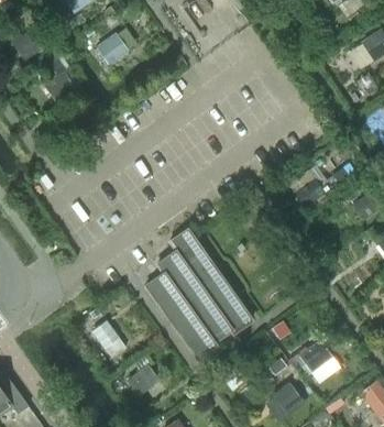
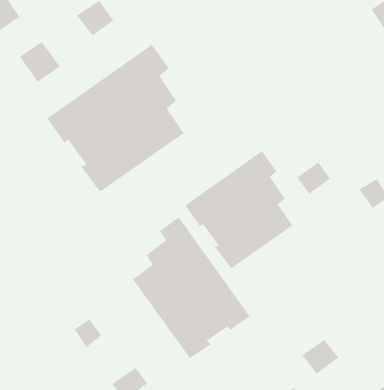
building: none -> [46,43,184,192]
building: none -> [184,150,293,269]

